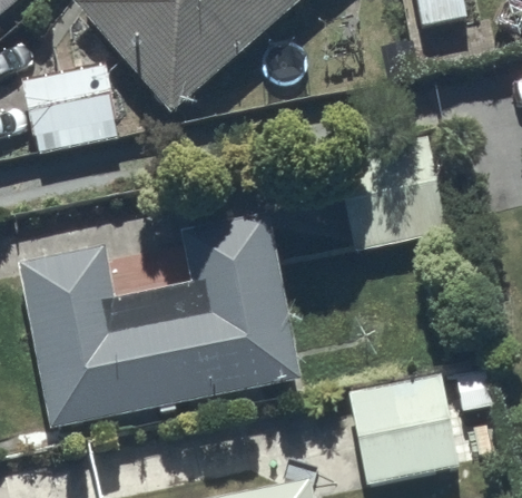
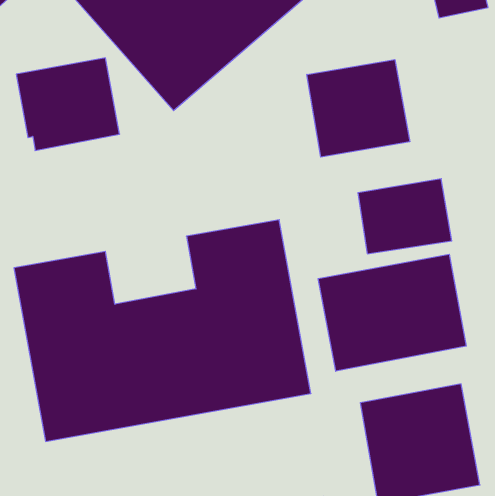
building: none -> [307,60,410,157]
building: none -> [318,254,466,371]

